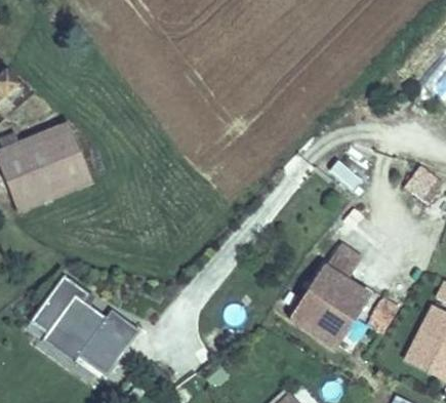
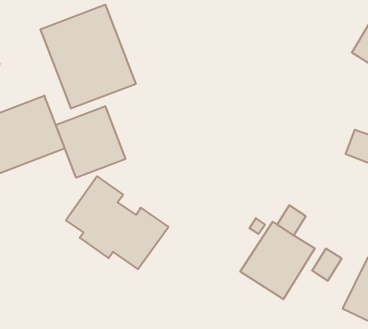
building: none -> [41,5,136,109]
building: none -> [56,106,125,178]
building: [30,273,144,376] -> [66,176,168,269]

